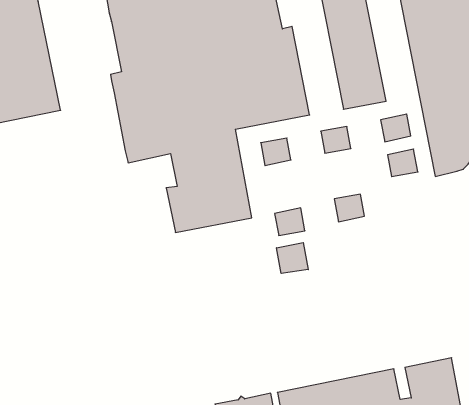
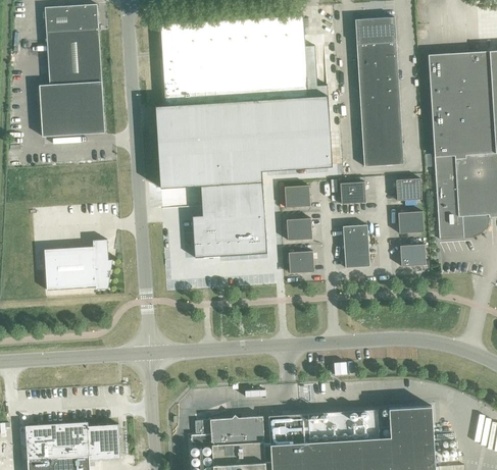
building: none -> [343,225,368,247]
building: none -> [286,218,311,241]
building: none -> [400,245,426,266]
building: none -> [44,240,112,291]
building: [277,243,308,273] -> none

